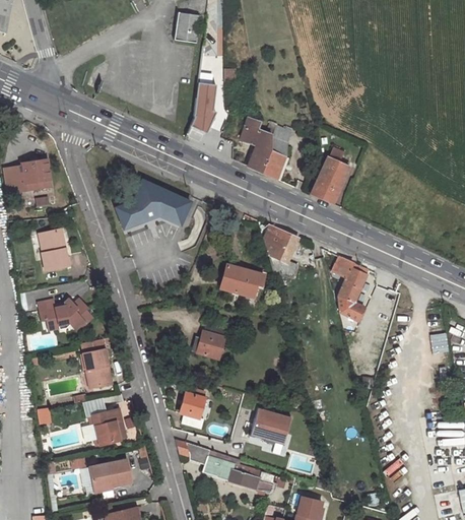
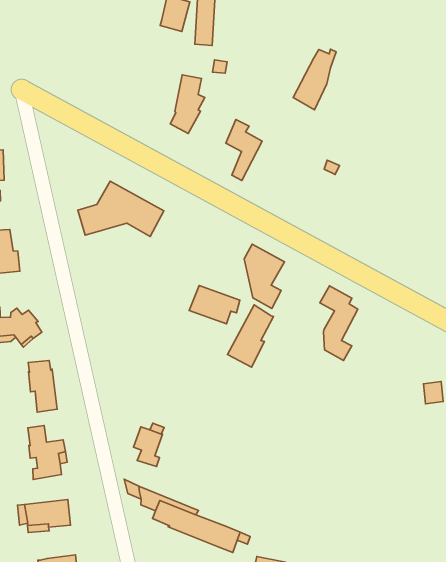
building: [258,126,292,180] -> [293,49,336,110]
building: [312,157,350,204] -> none
building: none -> [227,305,273,367]
building: [198,331,225,359] -> none
building: [251,408,292,445] -> none

